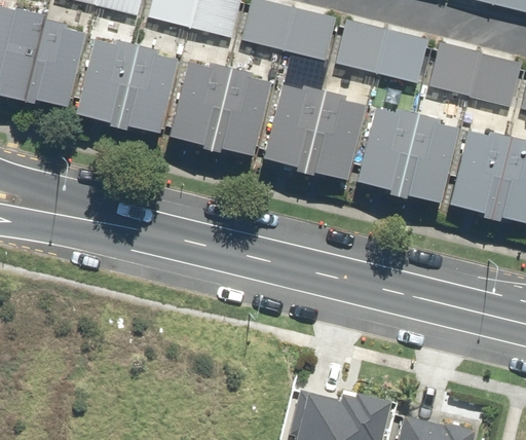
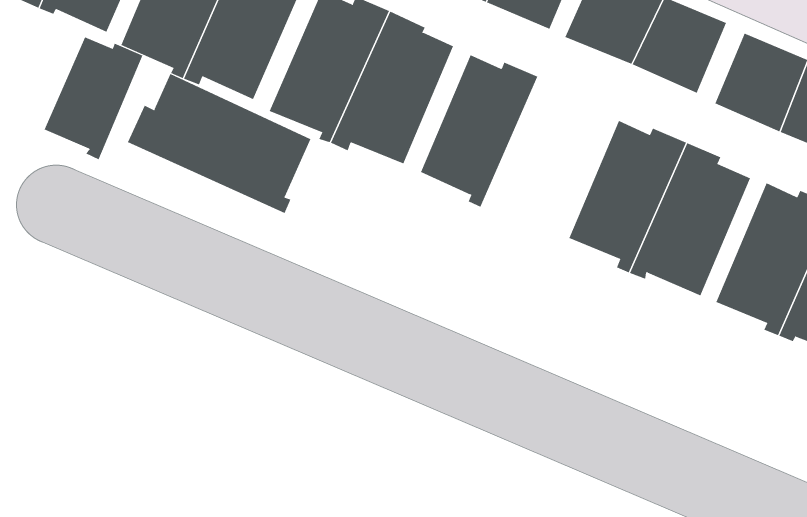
building: [303,89,365,179] -> none
building: none -> [44,36,143,160]
building: none -> [127,73,311,214]

